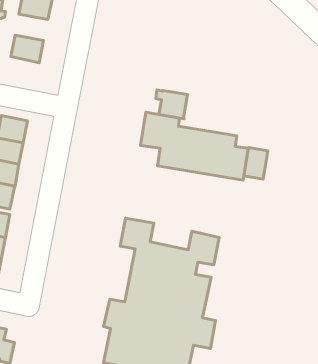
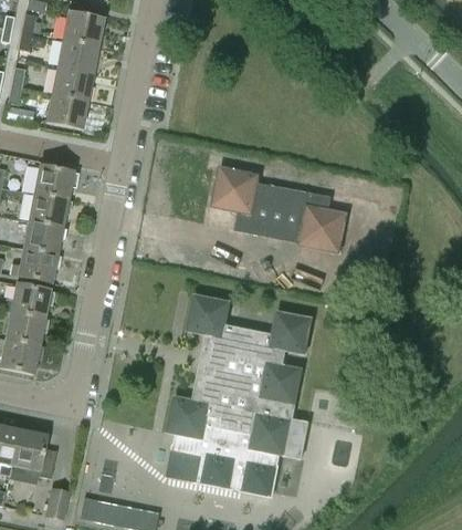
building: none -> [57,40,98,73]
building: none -> [46,93,87,127]
building: [156,90,187,119] -> none
building: [244,148,268,179] -> none

